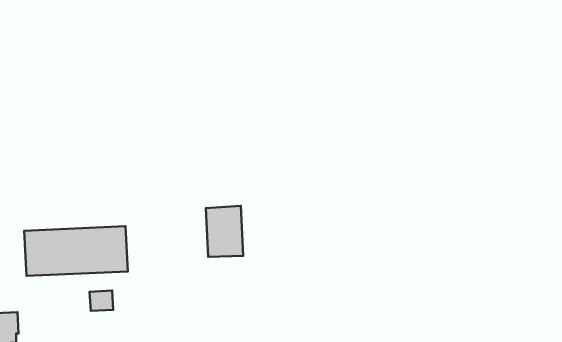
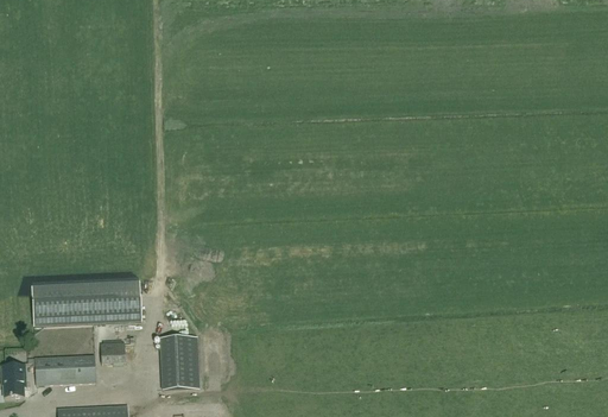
building: [206,206,243,257] -> [160,337,200,391]
building: none -> [34,356,96,385]

